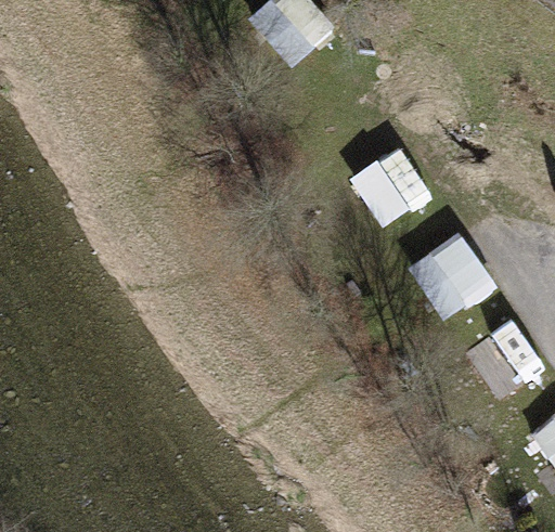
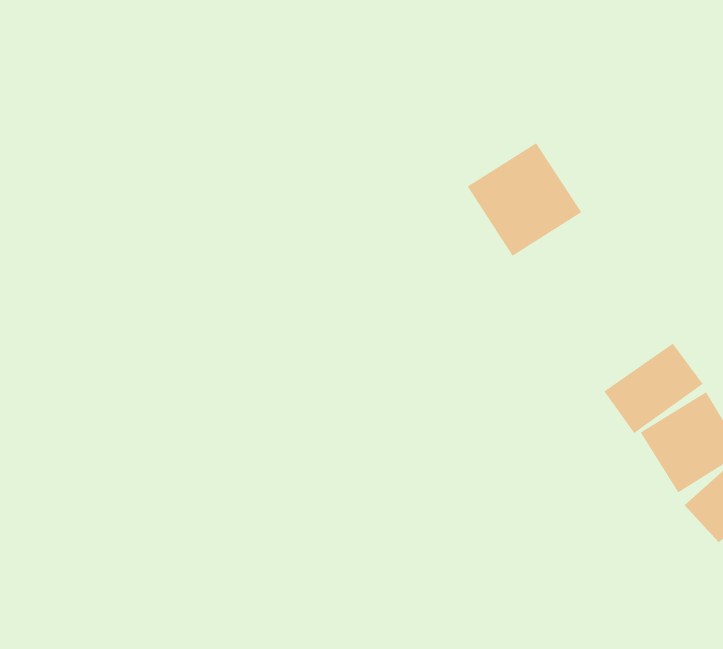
building: [406,235,495,322] -> none

